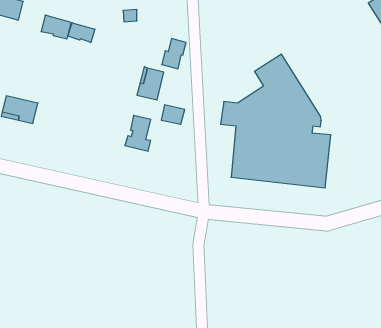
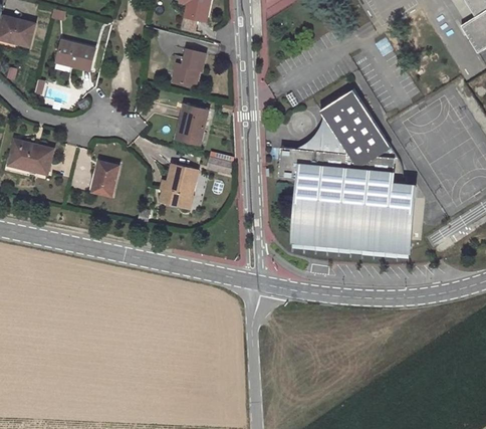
building: [68,23,95,43] -> none
building: [162,39,186,69] -> [175,49,205,86]
building: none -> [90,161,118,196]

